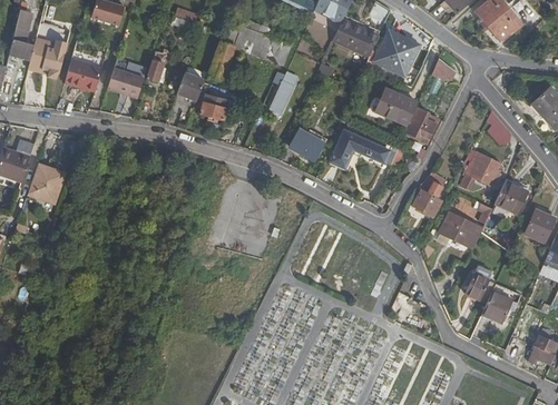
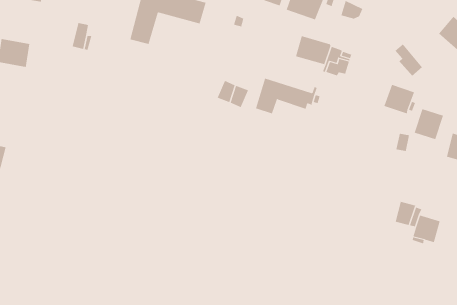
building: [108,67,146,97] -> none
building: [271,70,297,111] -> none
building: [176,75,204,102] -> none
building: [200,93,228,120] -> none
building: [413,170,446,215] -> none
building: [433,208,483,247] -> none

